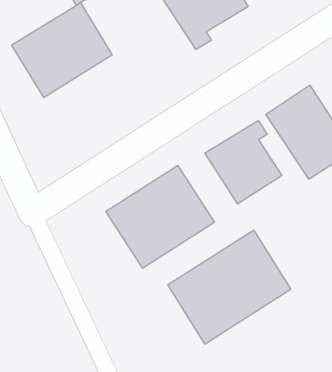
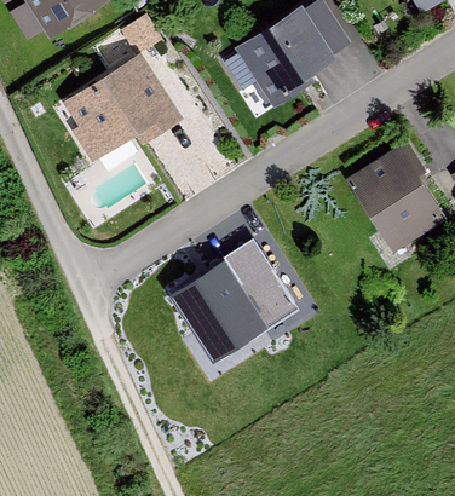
building: [205,120,282,204] -> none
building: [168,230,291,344] -> none

